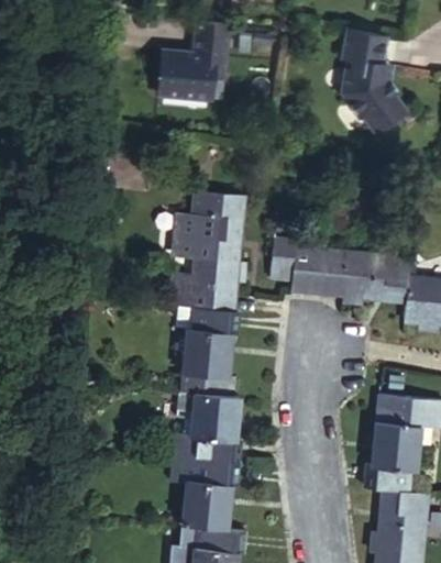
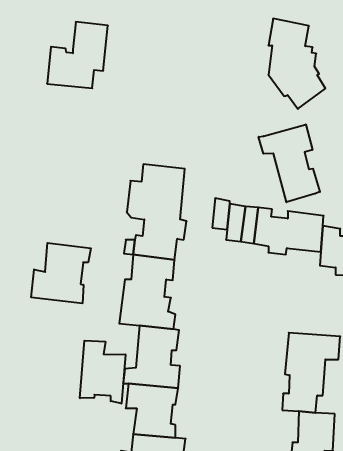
building: [157,18,230,97] -> [47,22,108,88]
building: none -> [259,124,320,202]
building: none -> [31,243,91,303]
building: none -> [80,341,125,404]

